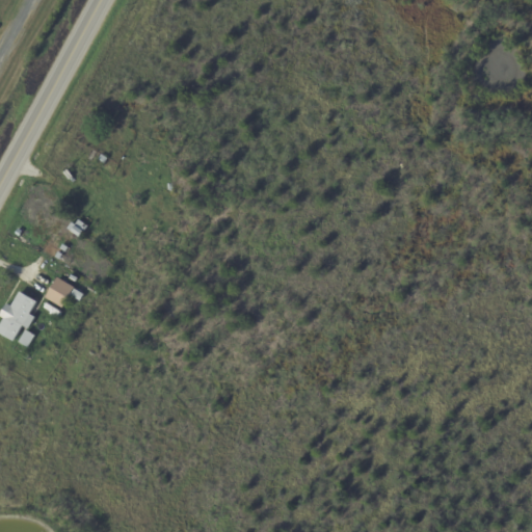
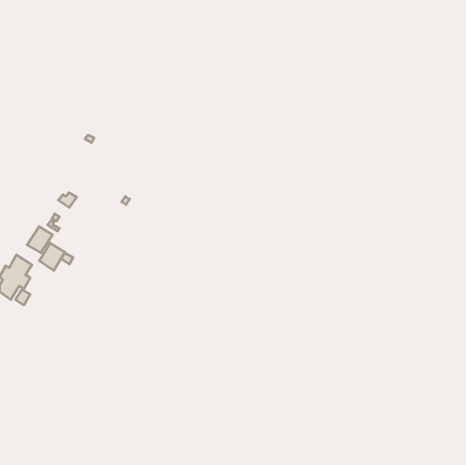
building: none -> [27,227,52,253]

